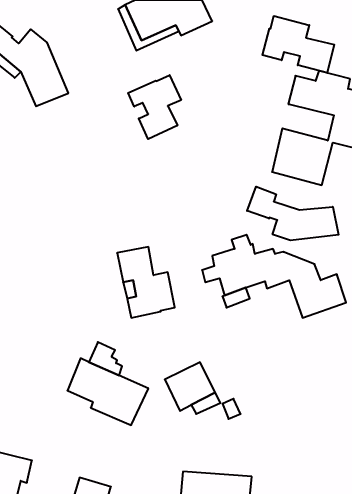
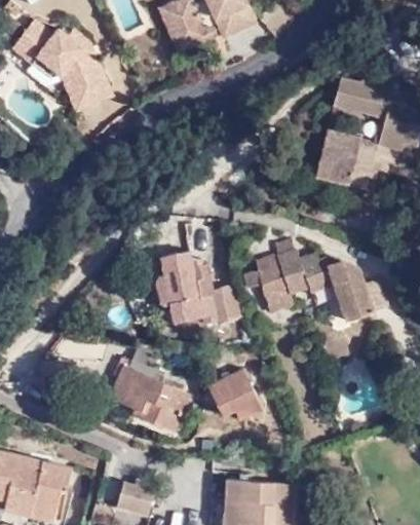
building: [262,16,334,73] -> none
building: [128,75,181,139] -> none
building: [247,187,339,240] -> none

